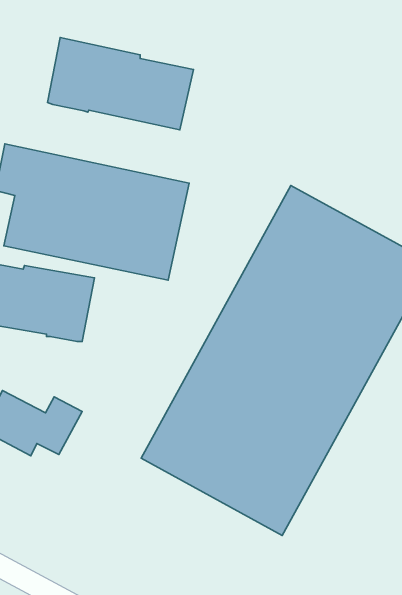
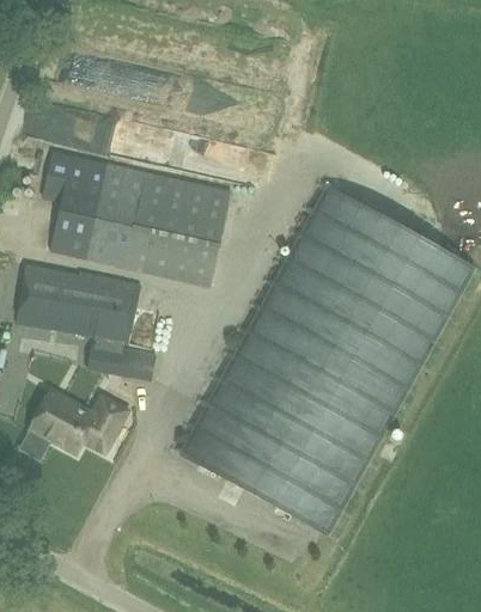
building: [47,38,194,130] -> none
building: none -> [86,337,156,380]

